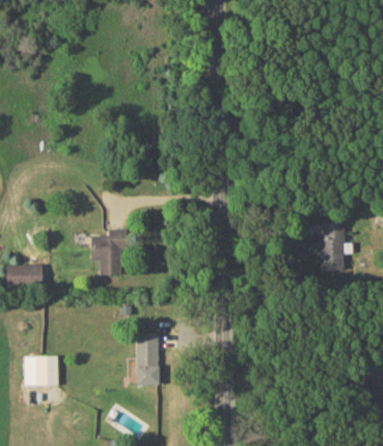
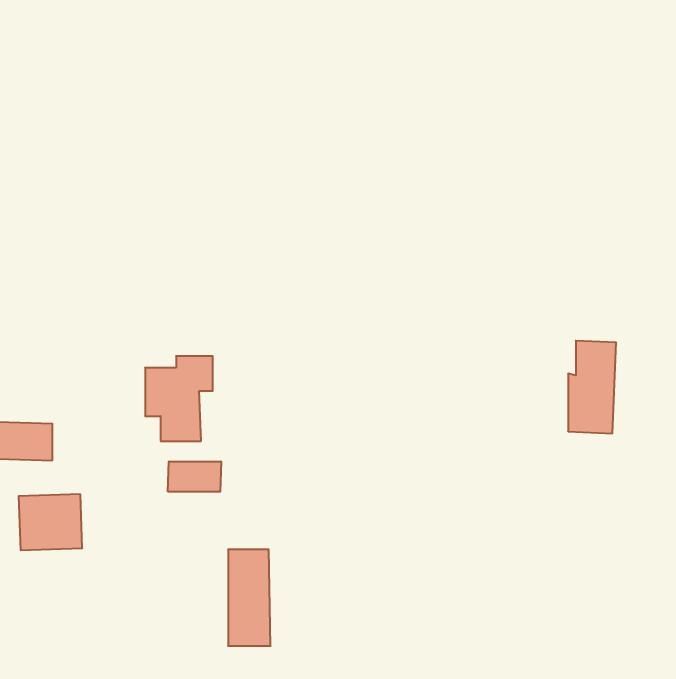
building: none -> [168,461,221,492]
building: [24,356,58,386] -> [19,494,82,550]

